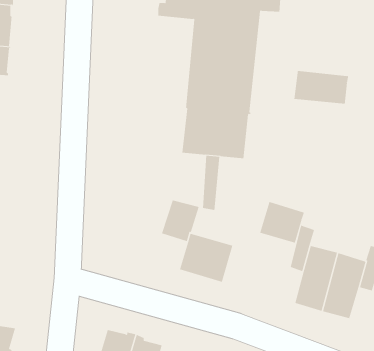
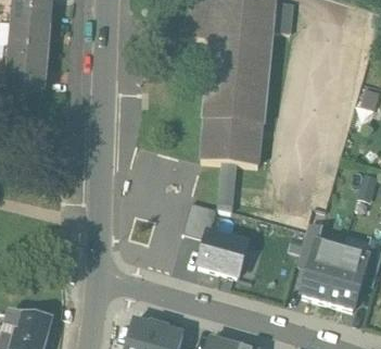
building: [294,70,349,104] -> none
building: [260,201,305,243] -> none

